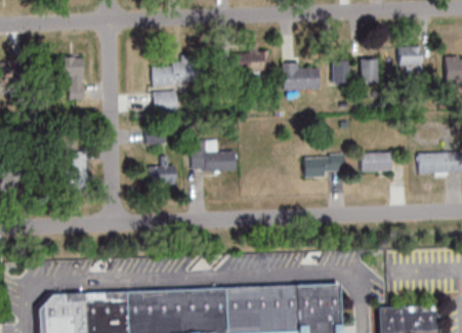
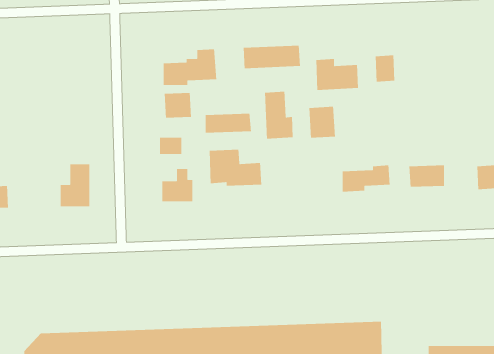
building: [398,45,422,68] -> none
building: [66,56,88,99] -> none
building: [360,57,377,80] -> none
building: none -> [264,91,294,140]
building: none -> [308,106,336,138]
building: none -> [205,113,252,134]

